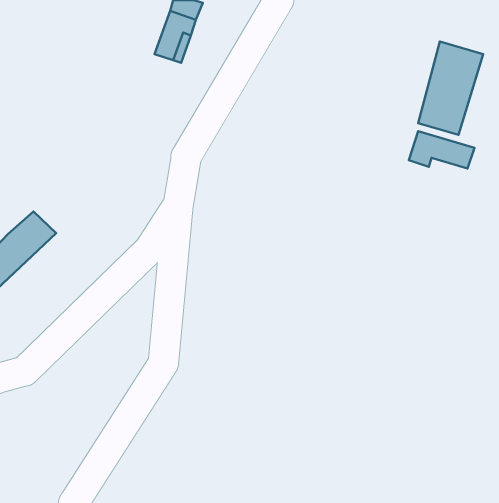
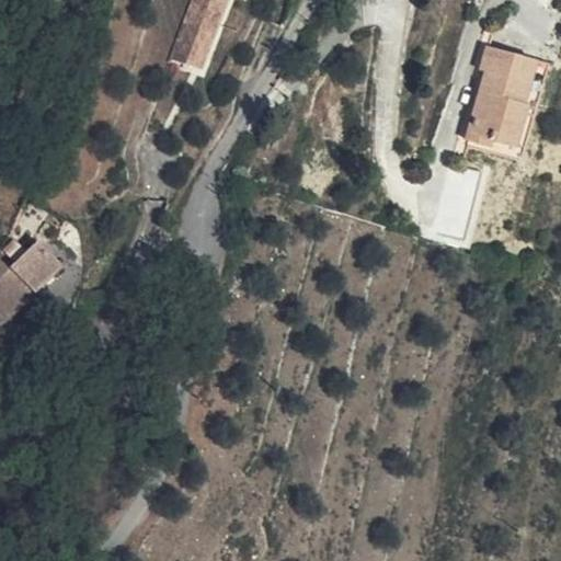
building: [409,131,475,169] -> none

